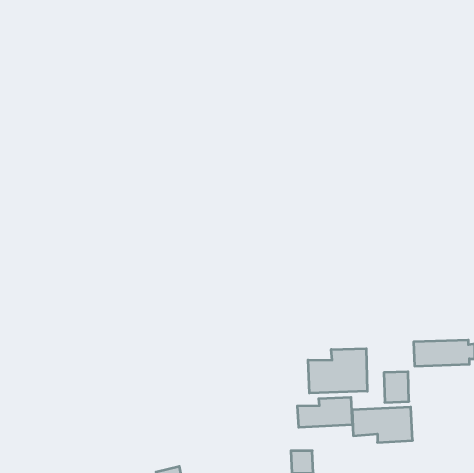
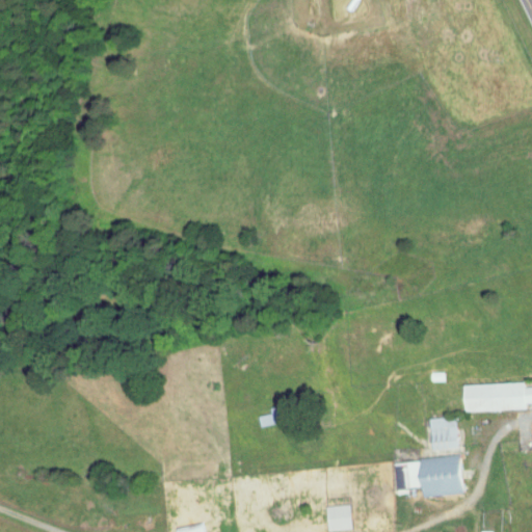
building: [308,349,367,393] -> none
building: [297,397,352,427] -> none

